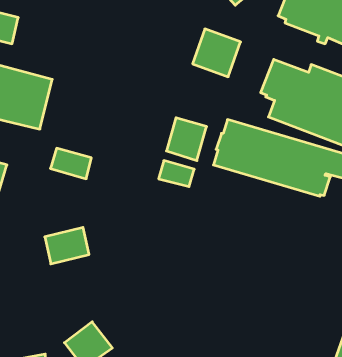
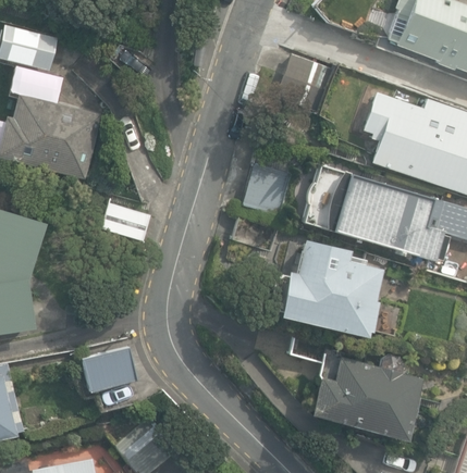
building: none -> [276,240,400,338]
building: [45,227,89,264] -> [83,347,138,393]
building: none -> [291,331,421,440]

